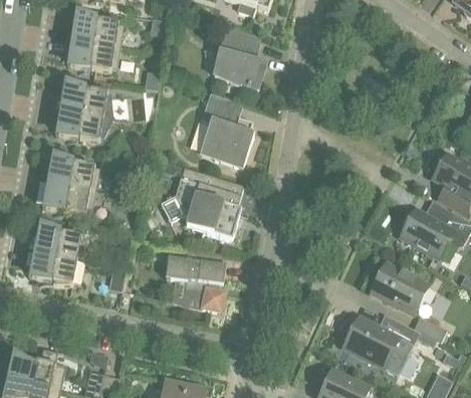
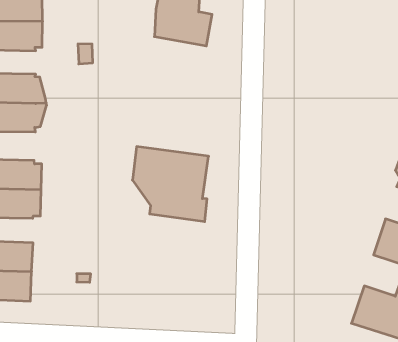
building: [200,92,254,167] -> none
building: [165,248,226,312] -> none

